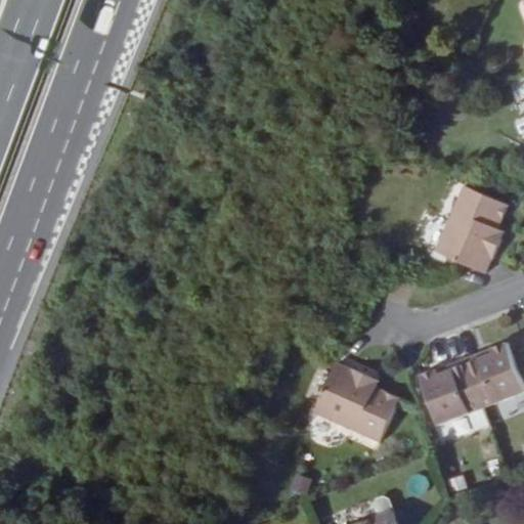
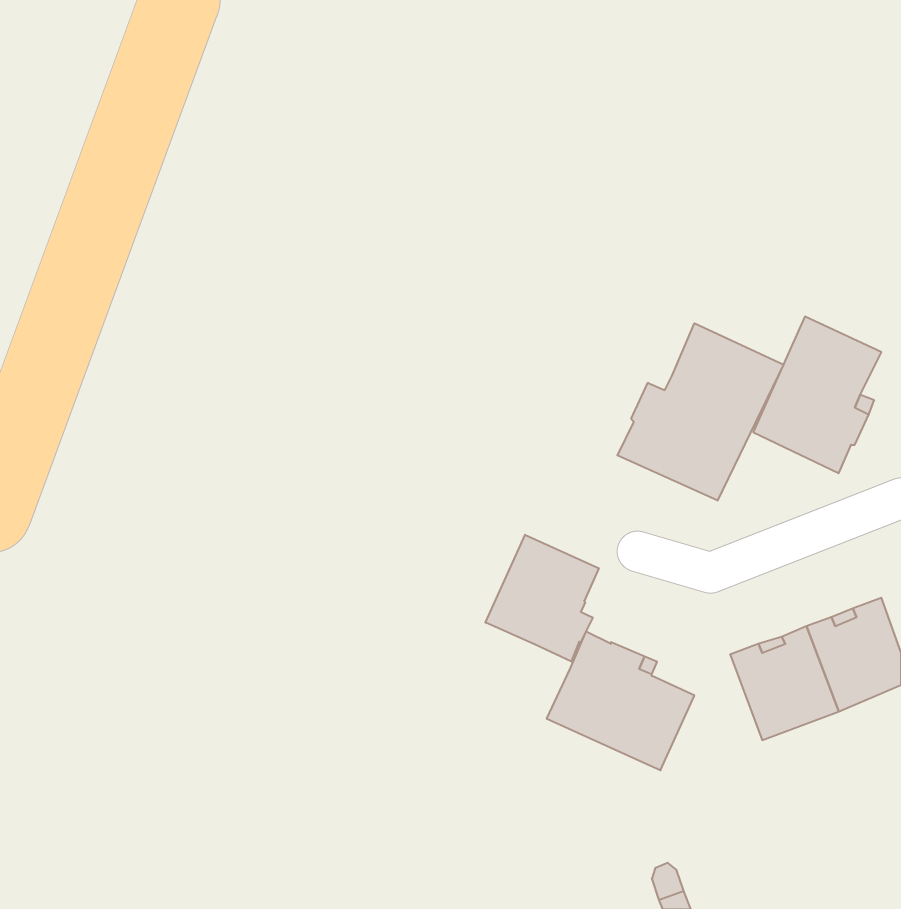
building: none -> [617,323,783,501]
building: none -> [485,535,599,662]

